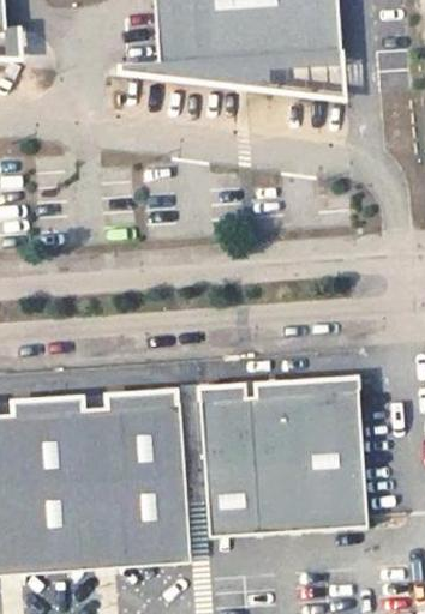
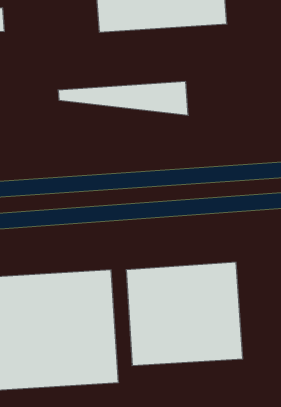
building: [161,47,347,95] -> [58,82,188,115]

